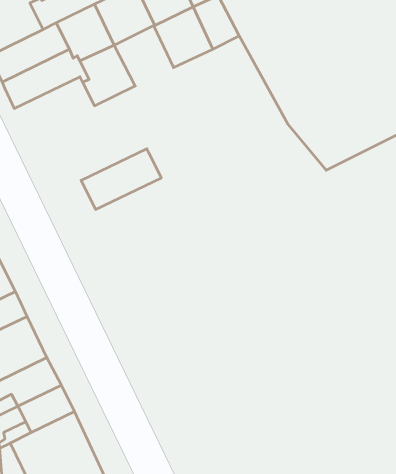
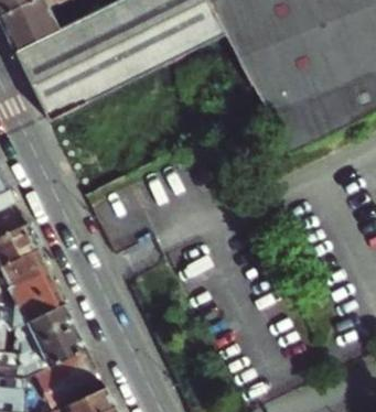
building: none -> [120,25,170,76]
building: [81,149,161,209] -> [36,68,104,119]

